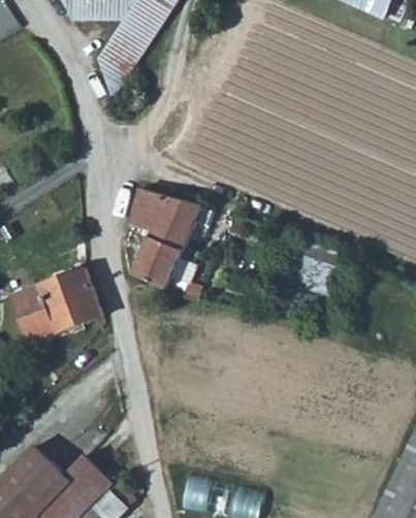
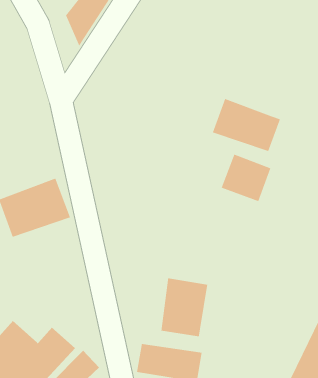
building: none -> [212,98,281,152]
building: [127,189,242,291] -> none
building: none -> [161,278,208,337]

